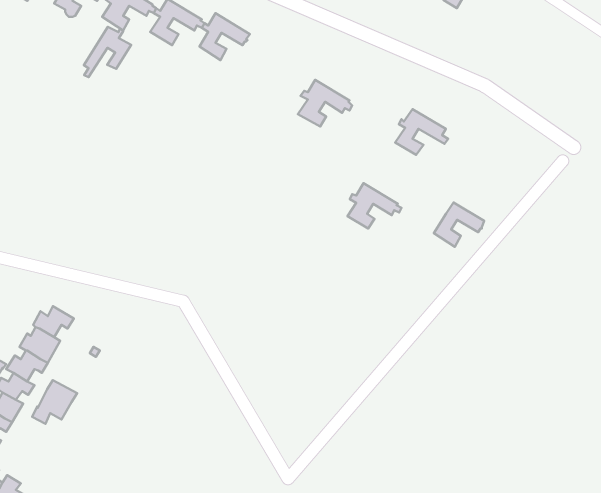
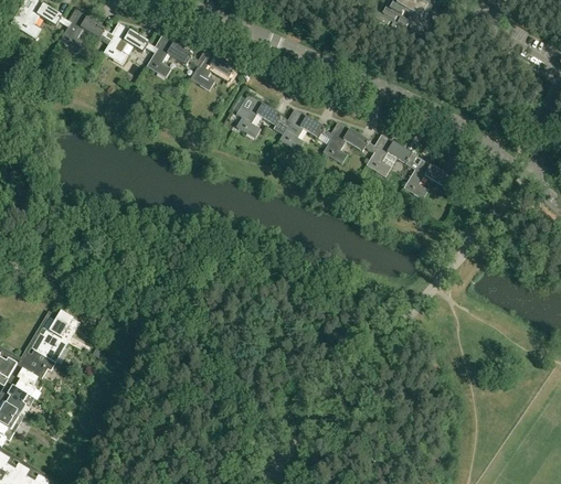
building: [84,27,131,77] -> none
building: none -> [235,93,284,137]
building: [347,183,402,229] -> [322,120,371,161]
building: [434,202,484,247] -> [403,158,448,197]
building: [32,380,77,424] -> none

